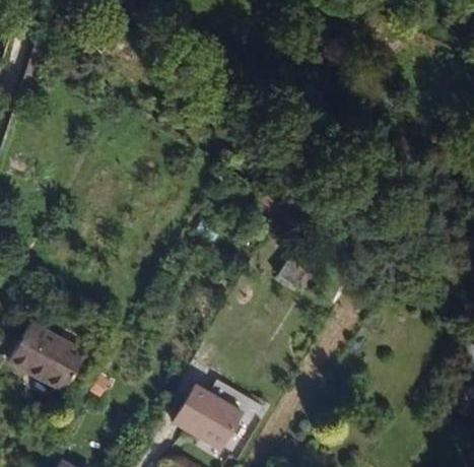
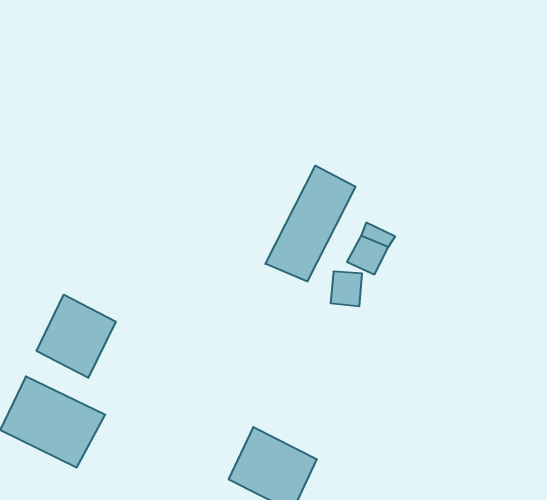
building: none -> [265,166,355,281]
building: none -> [37,295,116,378]

